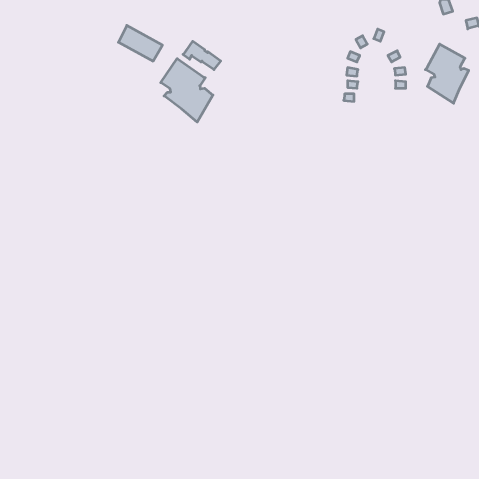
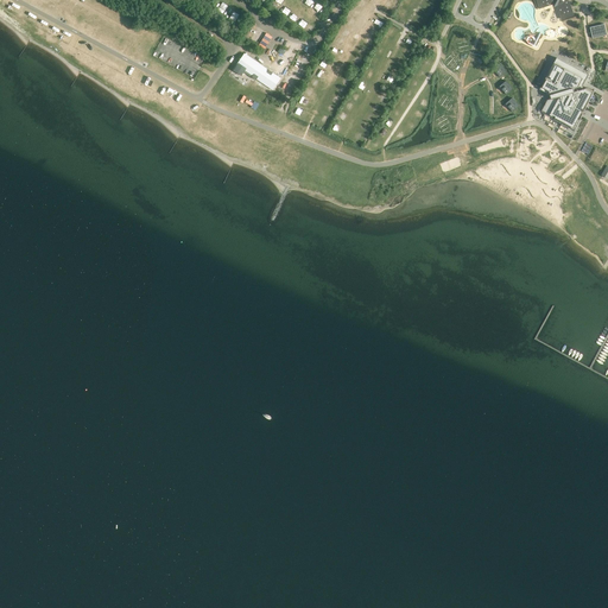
building: [161,59,213,122] -> none

